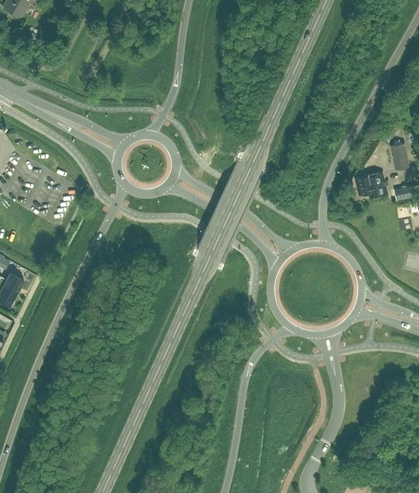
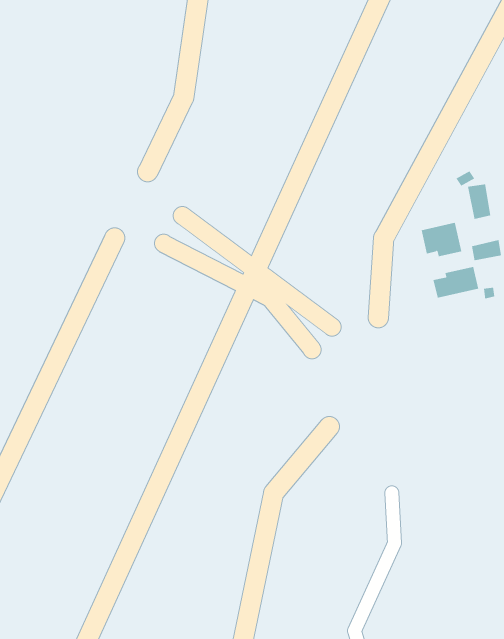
building: none -> [433,266,479,298]

